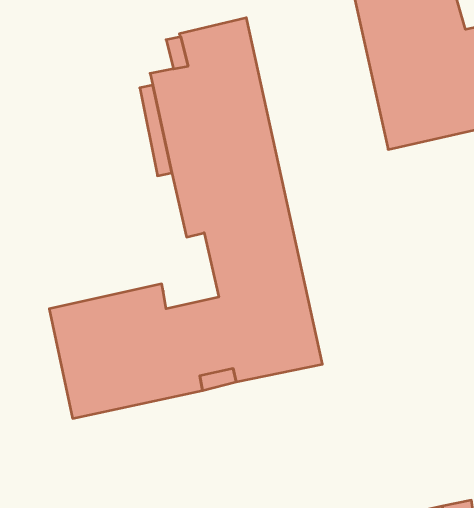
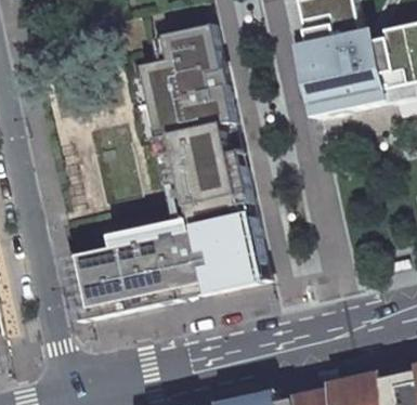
building: none -> [153,182,194,238]

